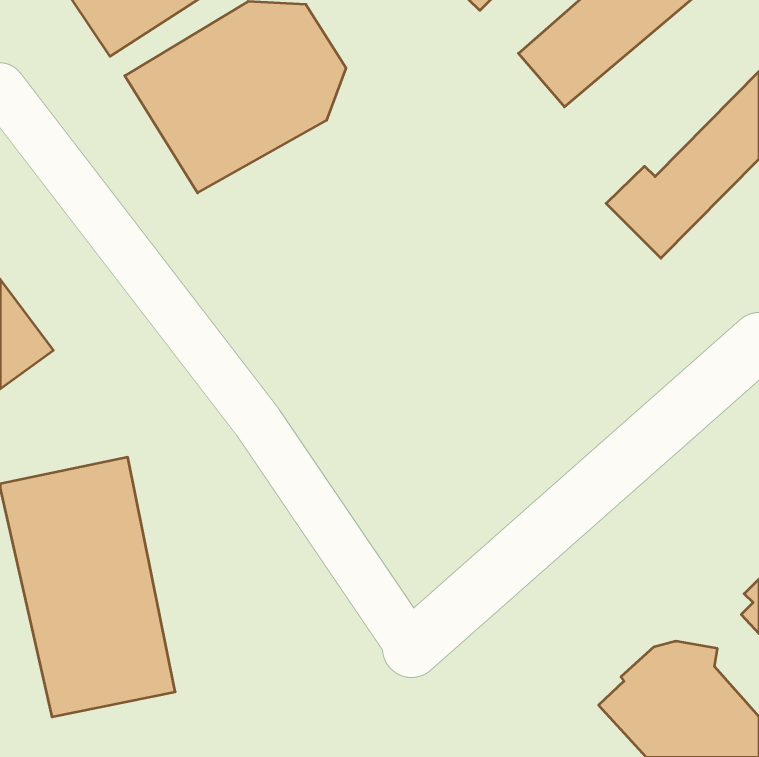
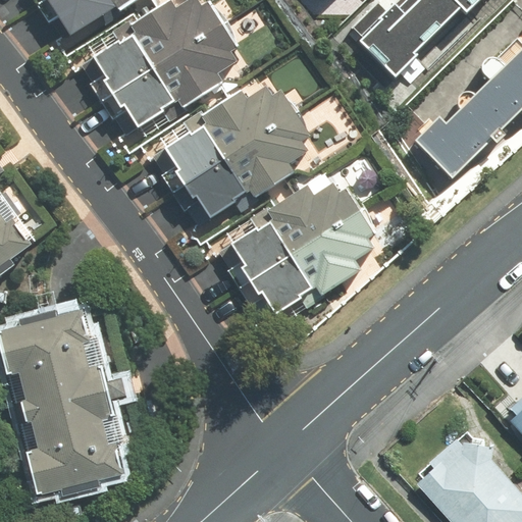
building: none -> [162,89,309,219]
building: none -> [217,181,382,328]

